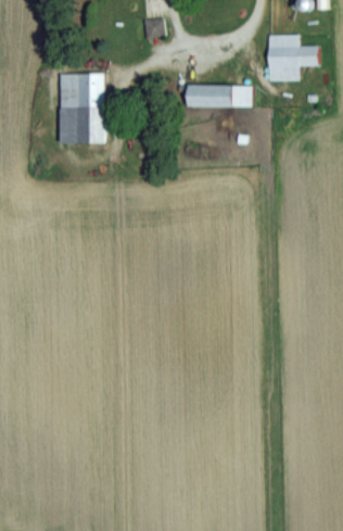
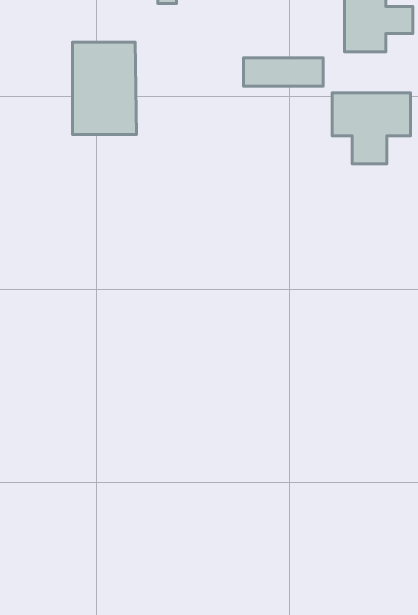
building: none -> [332,93,410,164]

